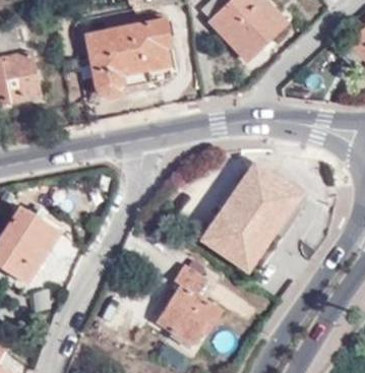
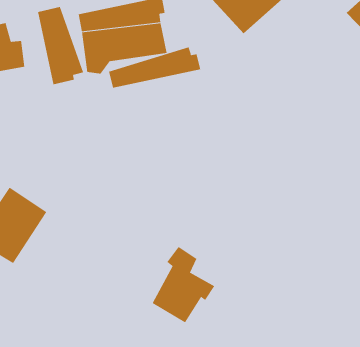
building: none -> [38,6,84,85]
building: none -> [109,47,201,89]
building: [201,165,295,268] -> none

